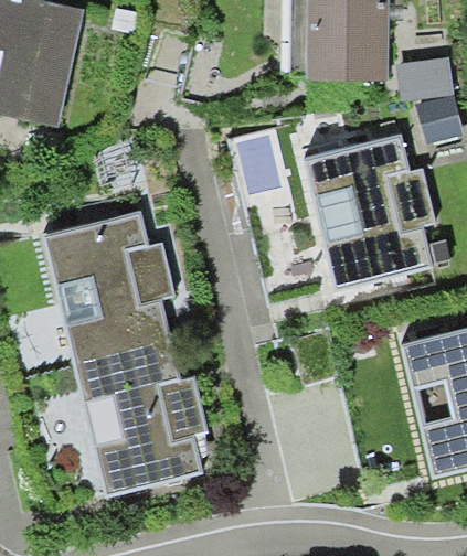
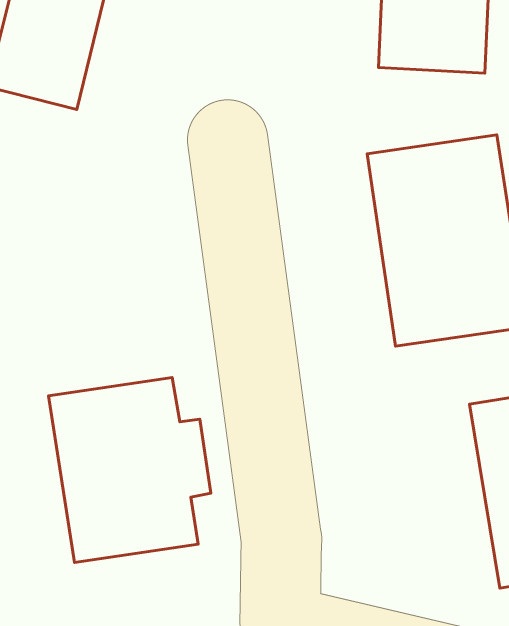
building: [39,206,173,362] -> none

